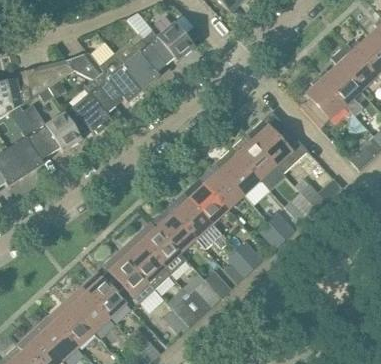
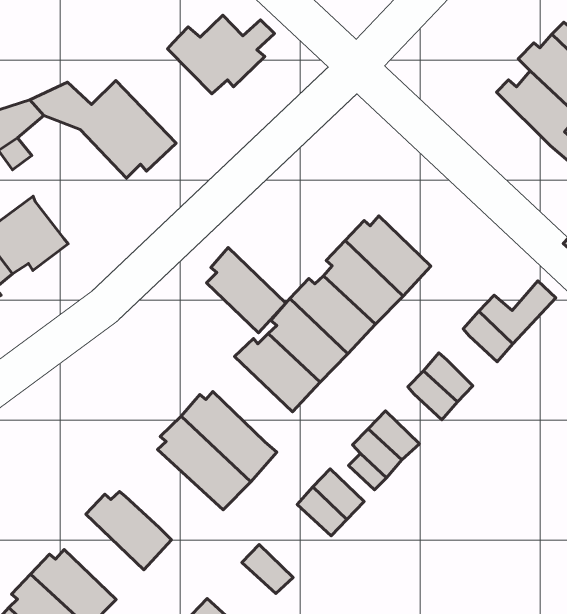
building: [114,34,165,90] -> none
building: [300,75,345,129] -> none
building: [66,79,116,137] -> none
building: [250,115,308,174] -> none
building: [154,207,196,254] -> [206,248,286,333]
building: [103,254,155,304] -> none
building: [68,286,110,333] -> none
building: [173,294,206,328] -> none

